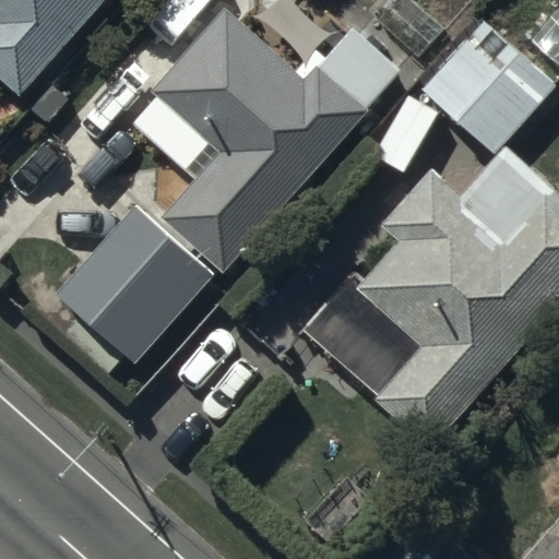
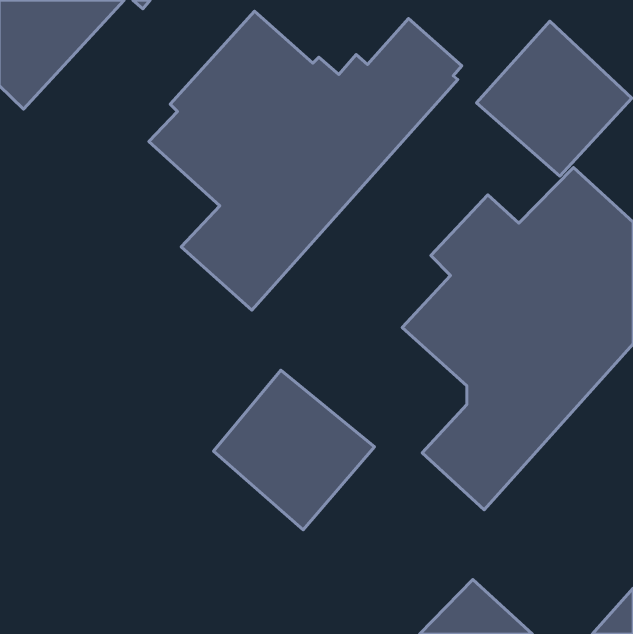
building: [53,204,215,367] -> none
building: none -> [213,370,374,530]

